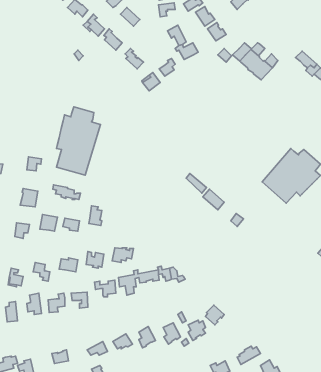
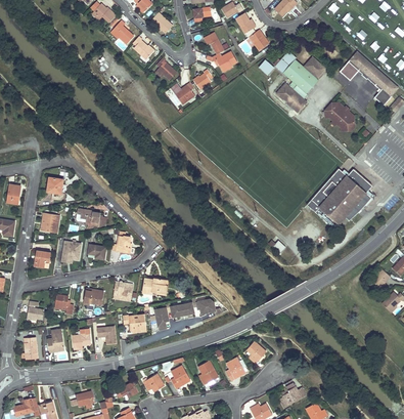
building: none -> [276,82,307,112]
building: none -> [324,102,356,131]
building: [57,107,100,175] -> none

